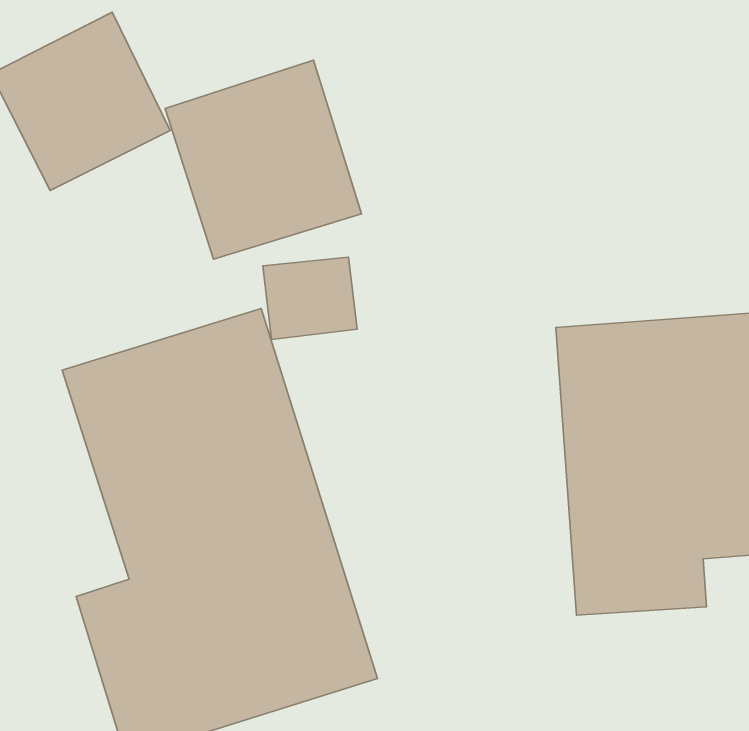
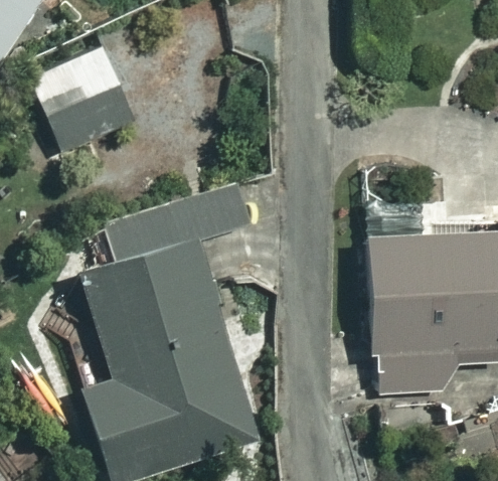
building: [165,60,362,259] -> none

